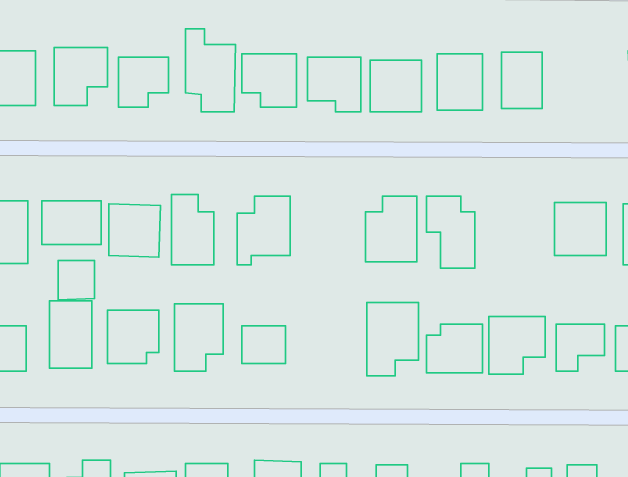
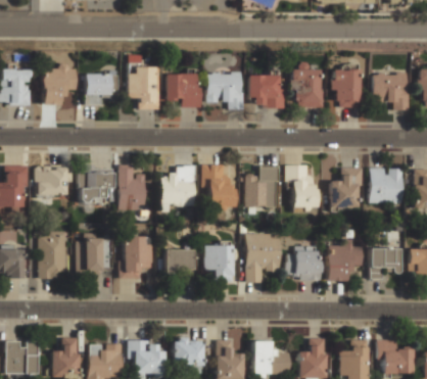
building: none -> [372,75,409,110]
building: none -> [201,163,235,209]
building: none -> [331,167,363,207]
building: [58,260,94,300] -> none
building: none -> [204,245,233,281]

